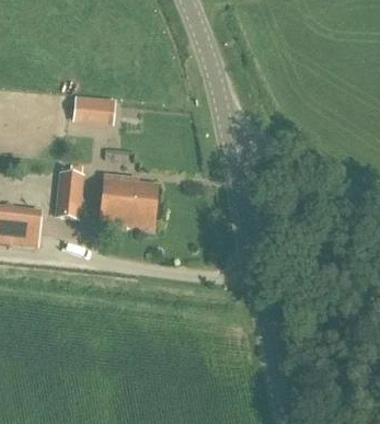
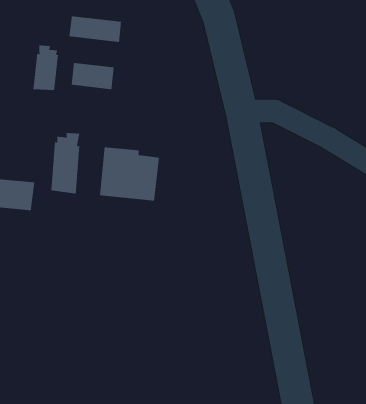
building: none -> [69,16,121,43]
building: none -> [33,44,59,91]

